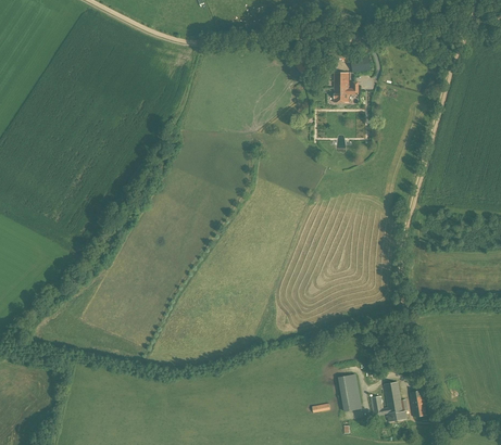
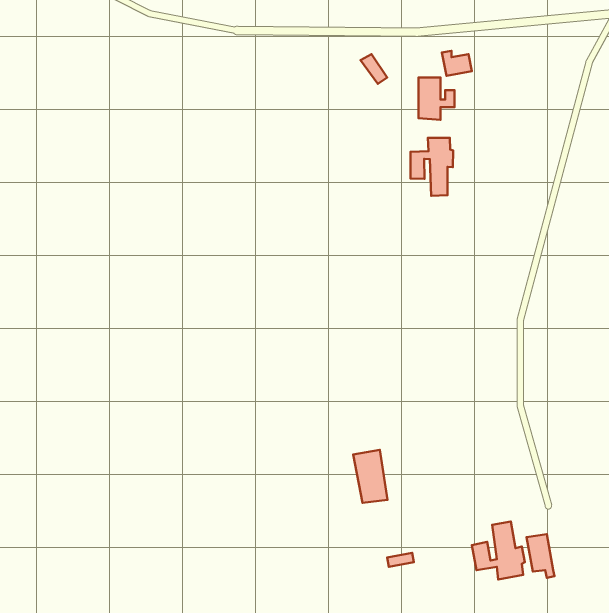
building: none -> [411,138,453,196]
building: [337,373,361,410] -> [353,450,388,503]

